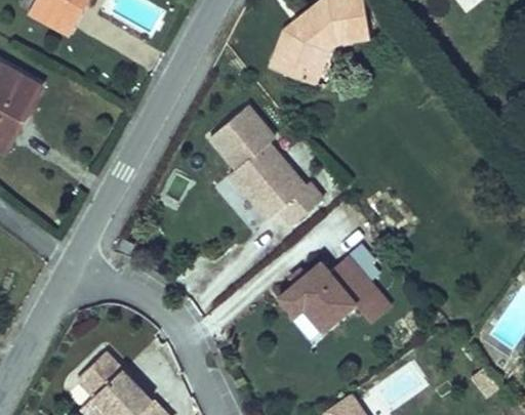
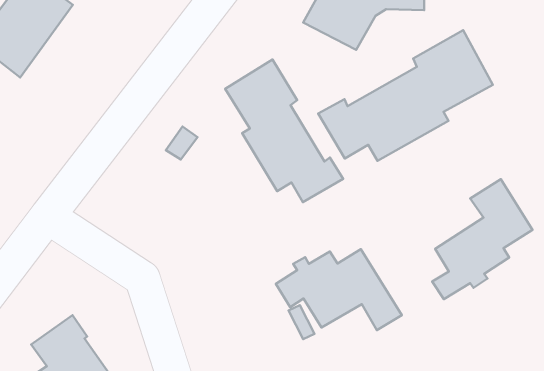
building: none -> [318,30,493,161]
building: none -> [432,179,532,299]

